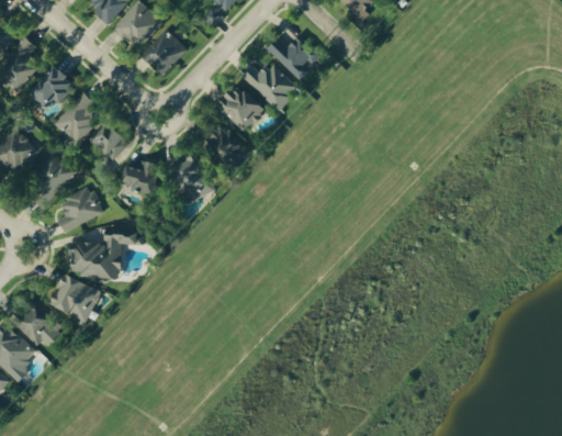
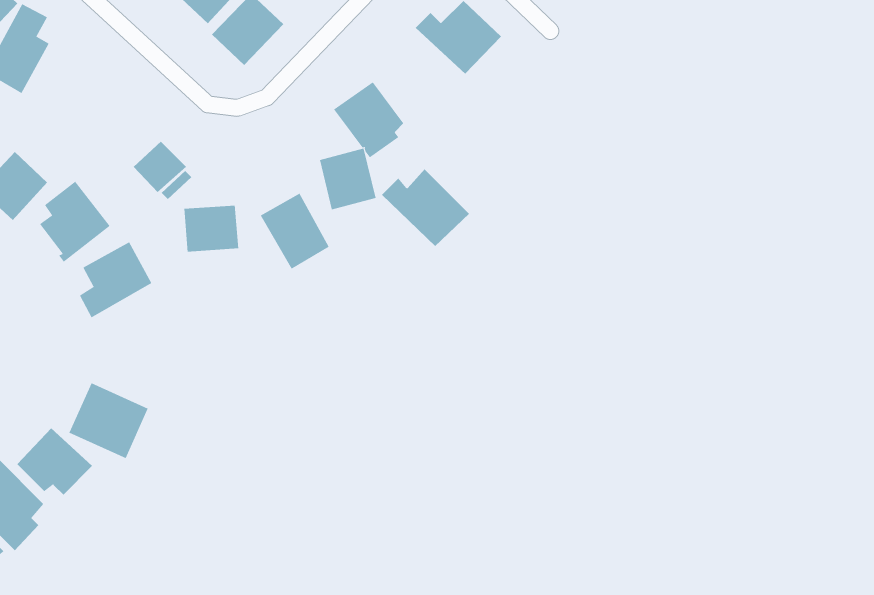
building: [241,60,297,110] -> [381,169,470,247]
building: [29,65,71,108] -> none
building: [50,91,97,146] -> none
building: [69,223,136,277] -> none

